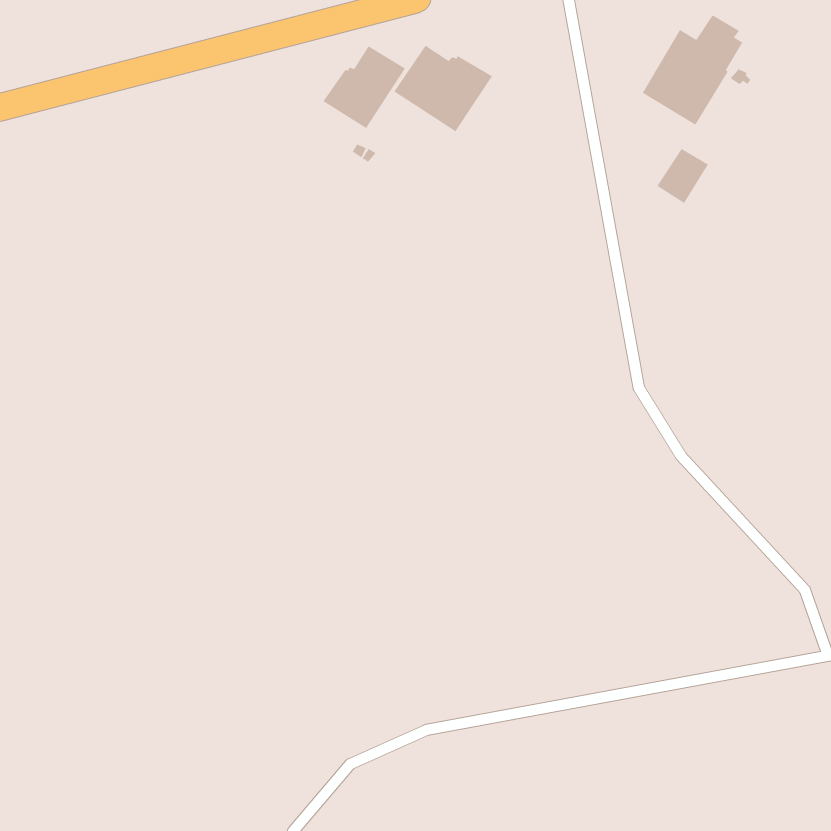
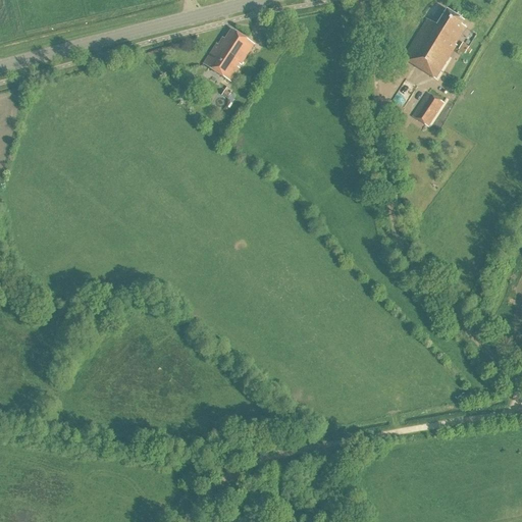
building: [393,45,493,132] -> none

